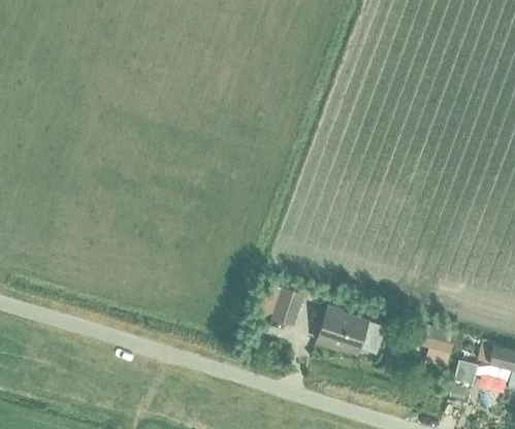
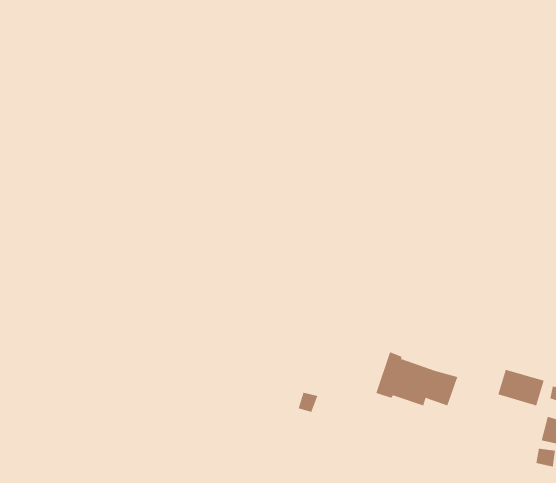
building: [272,291,304,327] -> none

